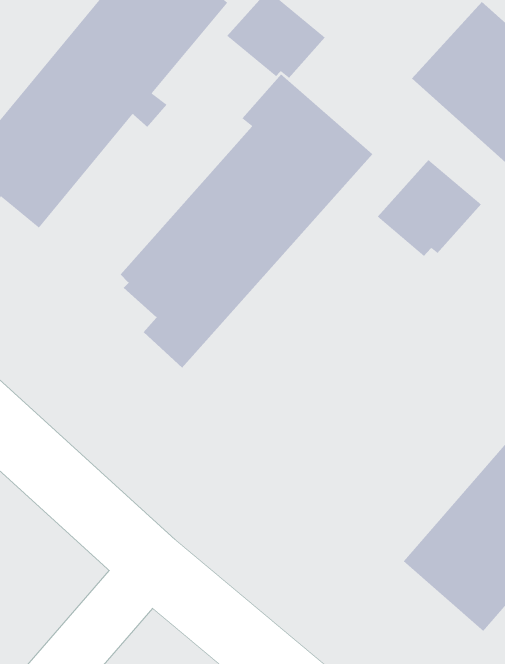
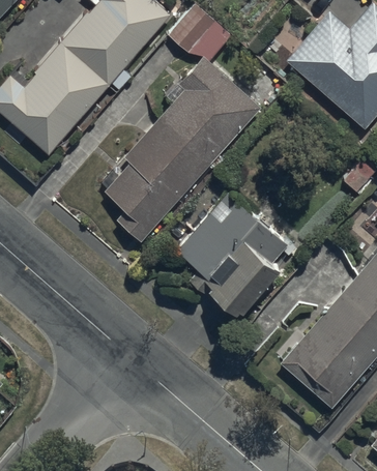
building: [377,159,482,257] -> none
building: none -> [175,192,296,314]

